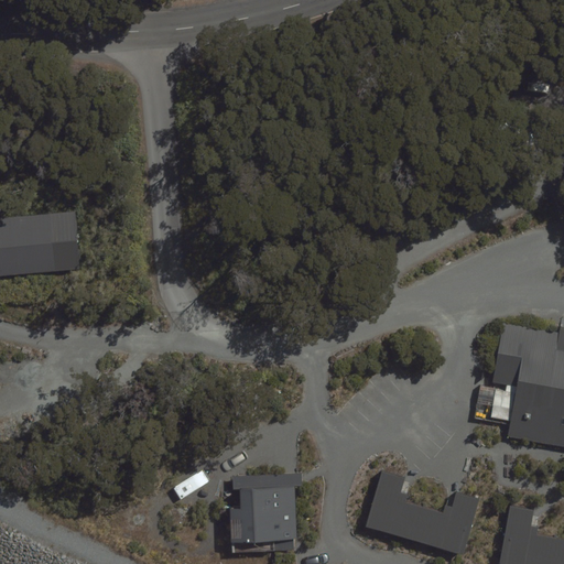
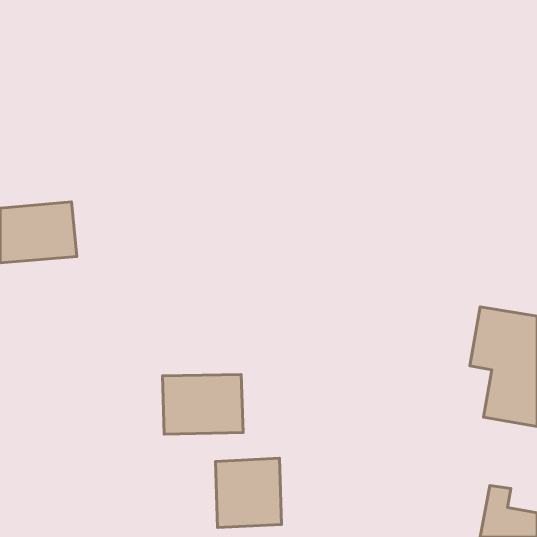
building: none -> [162,374,243,434]
building: [367,473,478,553] -> none

